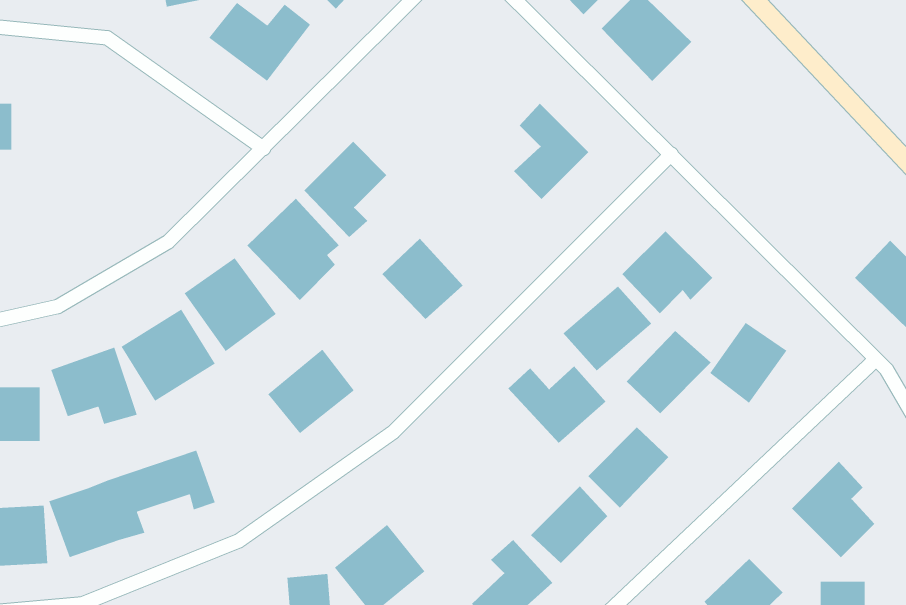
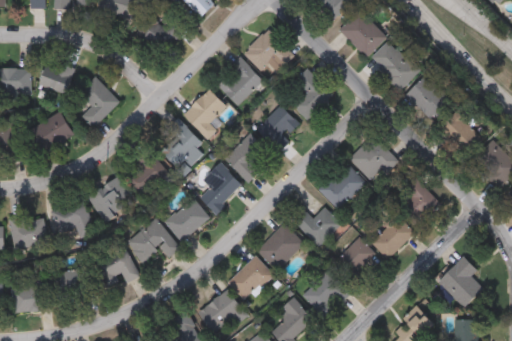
building: none -> [243,29,294,73]
building: none -> [369,40,420,90]
building: none -> [216,58,263,105]
building: none -> [40,62,72,91]
building: none -> [406,75,452,121]
building: none -> [75,76,120,127]
building: none -> [256,105,301,149]
building: none -> [438,106,482,155]
building: none -> [30,111,72,155]
building: none -> [199,162,243,213]
building: [626,330,712,414] -> [370,215,415,259]
building: none -> [126,218,180,264]
building: none -> [257,224,304,270]
building: none -> [229,255,273,299]

